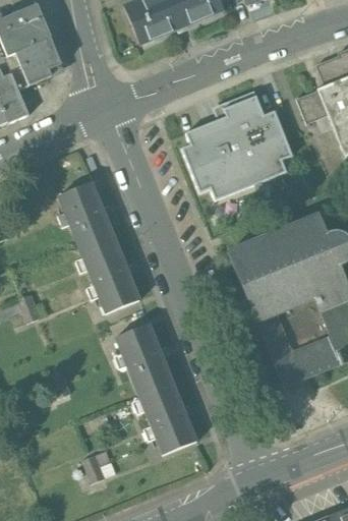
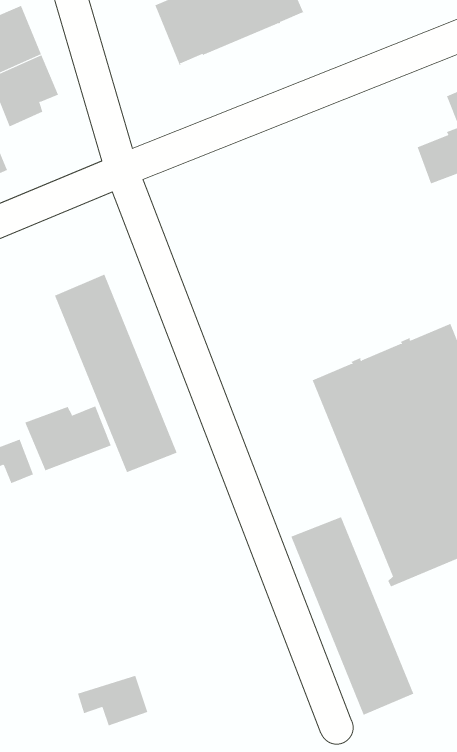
building: [182,89,293,199] -> none
building: none -> [24,406,112,471]
building: [115,322,196,453] -> [291,516,414,716]

